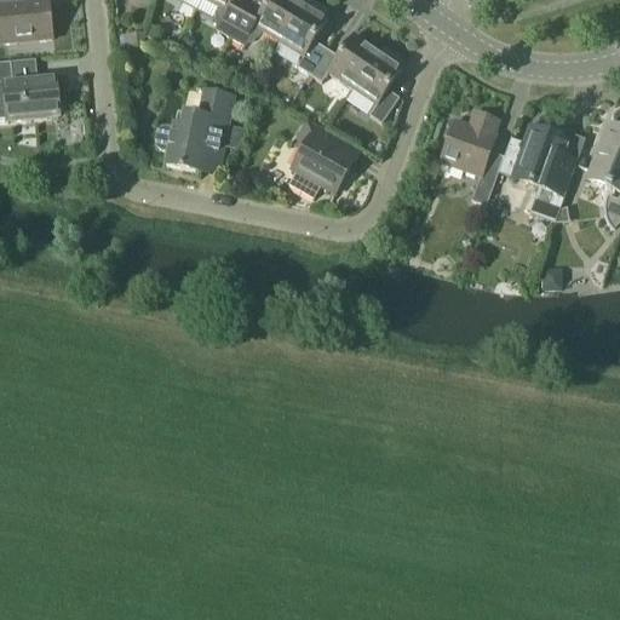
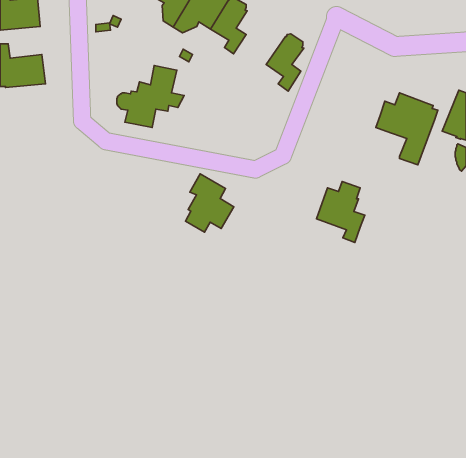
building: [310,30,379,86] -> none
building: [441,109,505,190] -> [316,181,365,242]
building: [288,117,352,195] -> [185,174,234,232]

